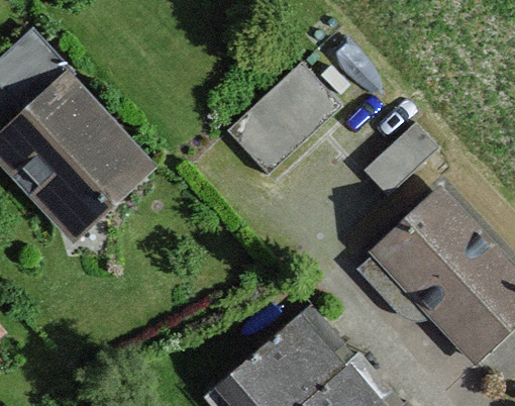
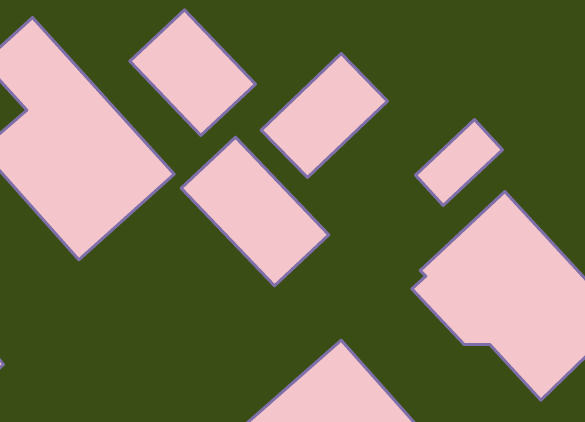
building: none -> [130,10,255,135]
building: none -> [181,137,329,286]

